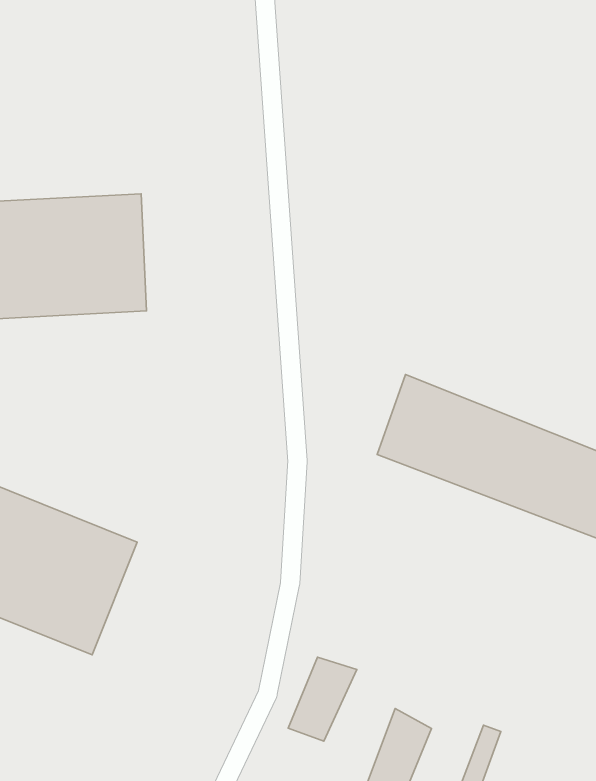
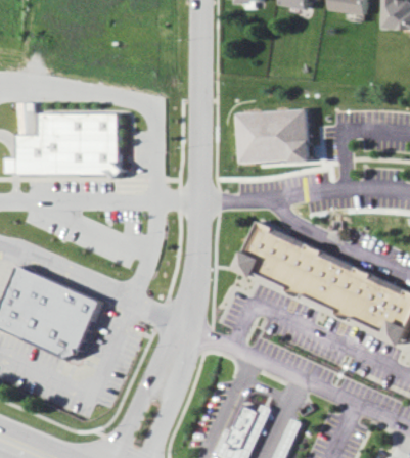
building: none -> [236,108,310,162]
building: [288,657,357,741] -> none

